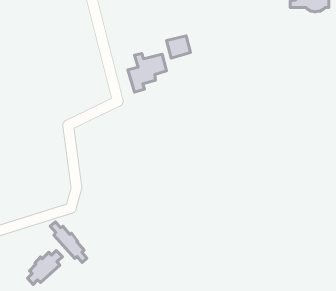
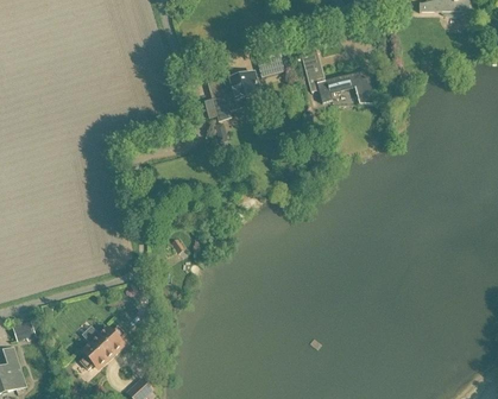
building: none -> [301,49,374,104]
building: [50,222,87,263] -> none

